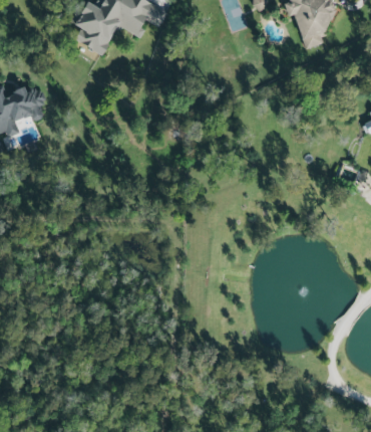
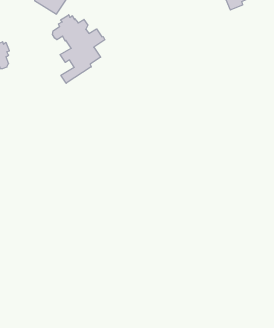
building: none -> [52,15,105,83]

